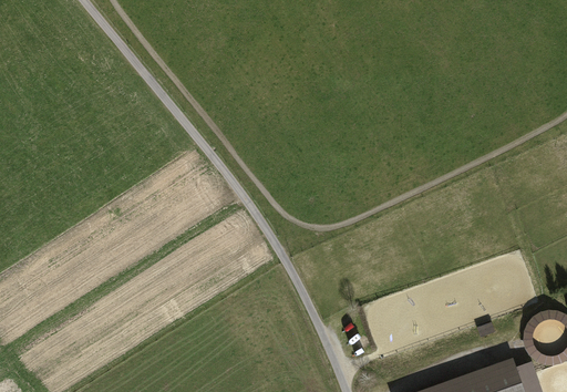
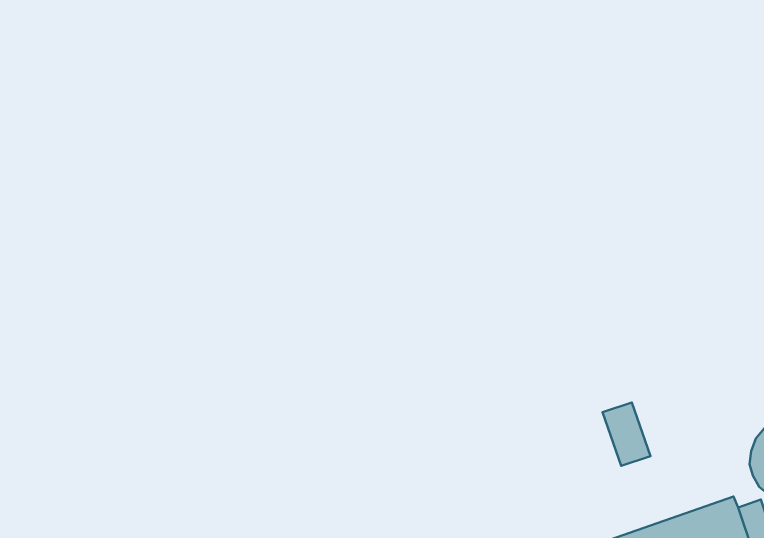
building: none -> [602,403,651,466]

